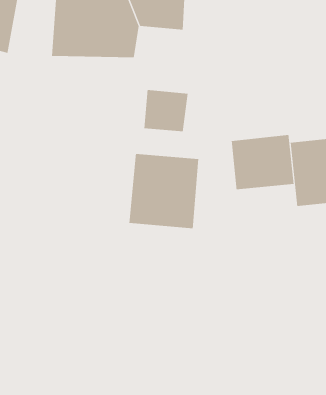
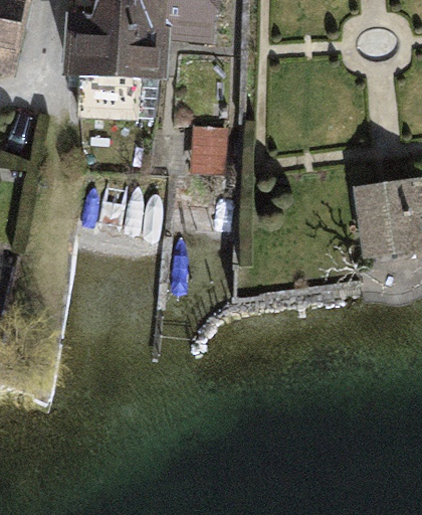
building: [231,134,294,190] -> none
building: [129,153,199,229] -> none

